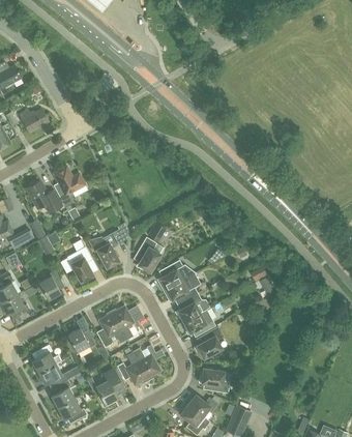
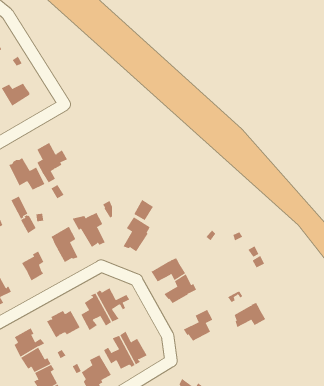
building: [156,260,195,290] -> none
building: [183,309,214,333] -> [234,302,266,328]
building: [199,368,229,392] -> none

